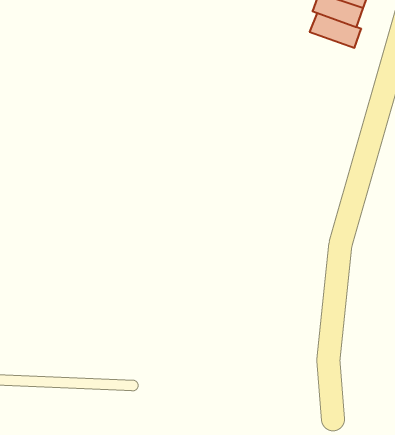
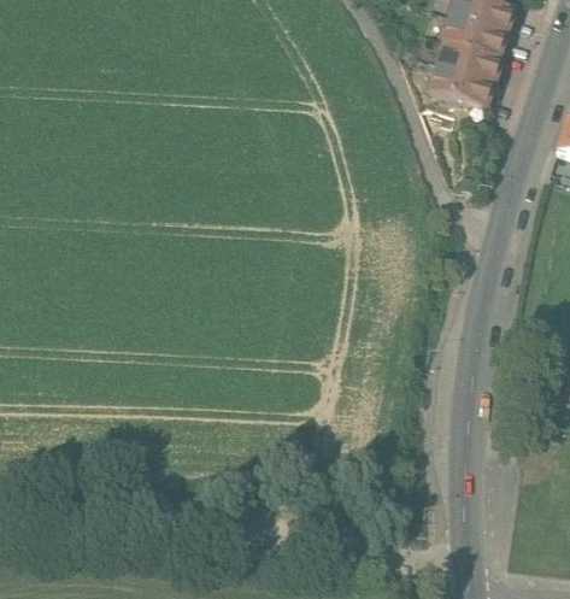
building: none -> [427,64,494,114]

